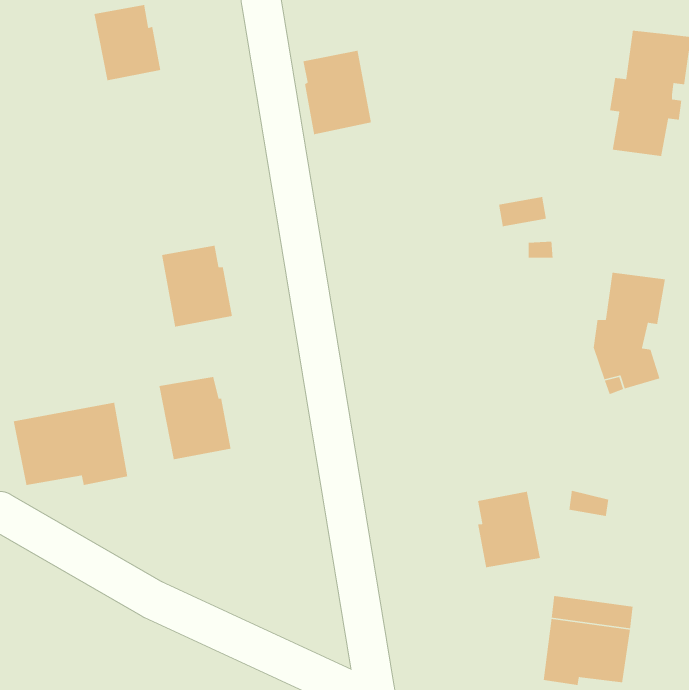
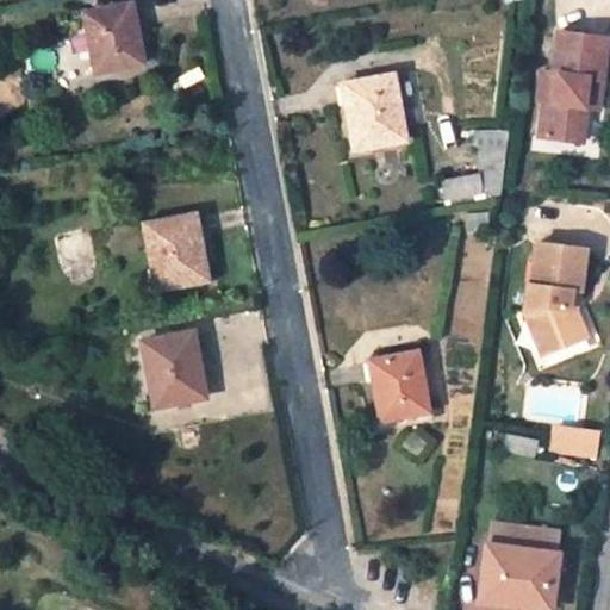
building: [303,50,372,135] -> [346,75,406,150]
building: [13,402,128,486] -> none
building: none -> [552,427,599,456]
building: [477,491,541,568] -> [373,353,429,421]

